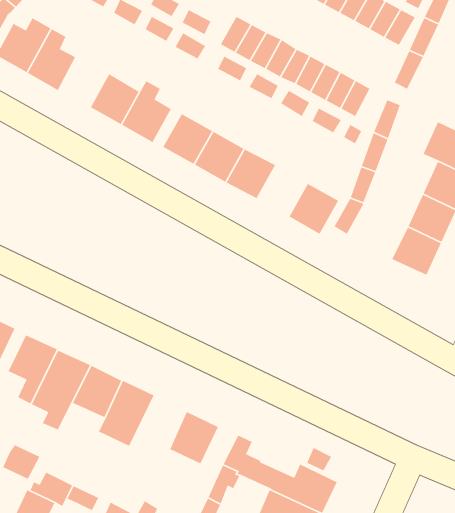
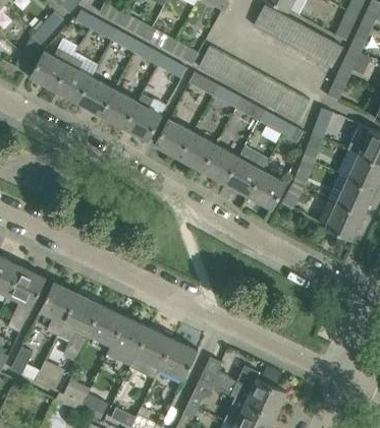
building: none -> [77,77,115,115]
building: none -> [225,146,269,196]
building: none -> [135,327,173,369]

